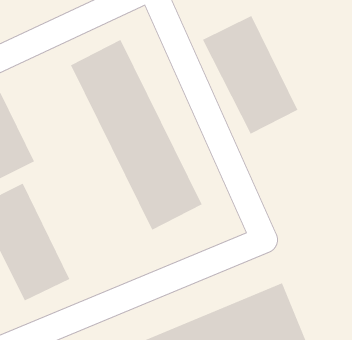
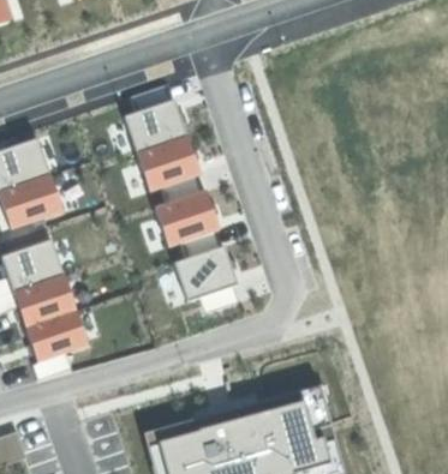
building: [202,15,298,135] -> none

